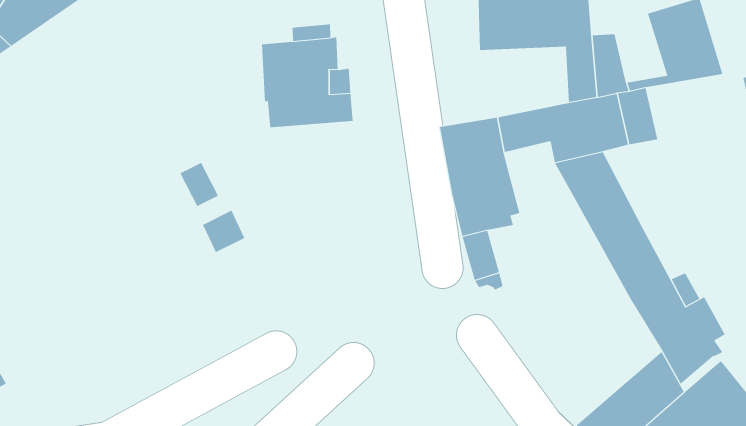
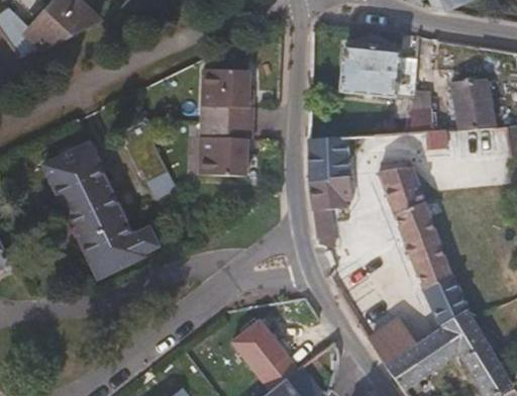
building: none -> [195,123,253,177]
building: none -> [42,142,158,278]

